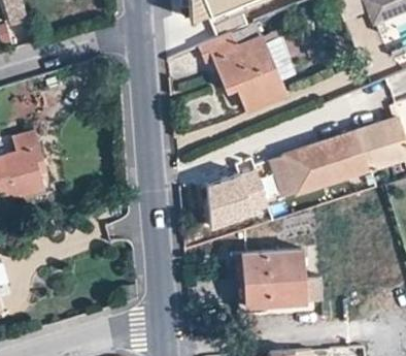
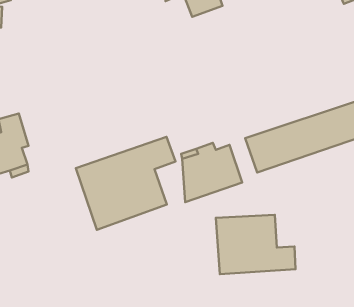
building: [198,23,287,114] -> none
building: none -> [76,137,176,230]

